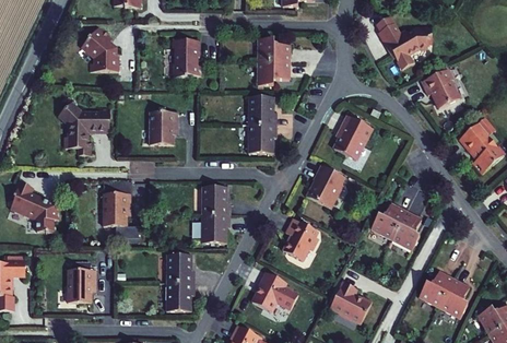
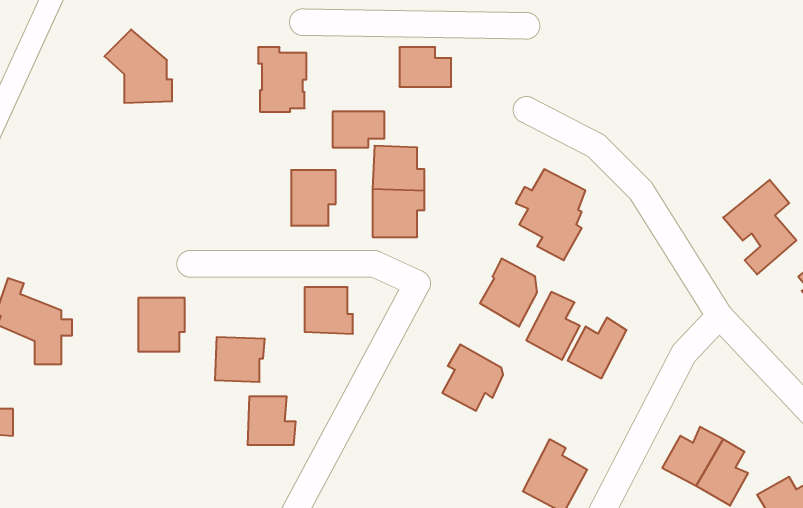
building: [374,17,438,68] -> none
building: [259,62,291,84] -> [333,112,384,147]
building: [418,68,457,107] -> none
building: [57,99,107,152] -> none
building: [149,111,176,145] -> [291,170,336,226]
building: [382,211,415,252] -> [526,292,580,360]
building: [200,212,231,239] -> [215,337,265,382]
building: [66,269,93,297] -> none
building: [255,272,298,312] -> none
building: [166,281,194,307] -> none

